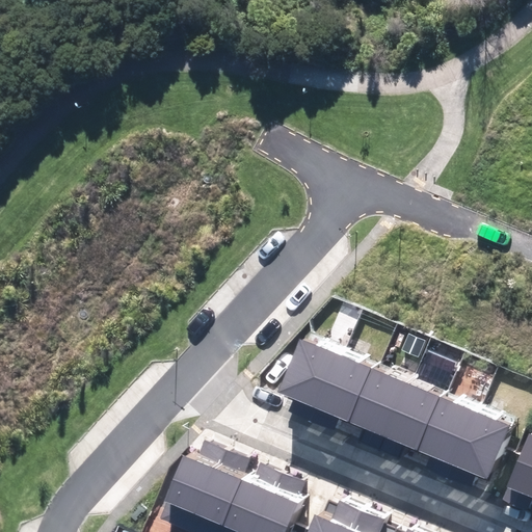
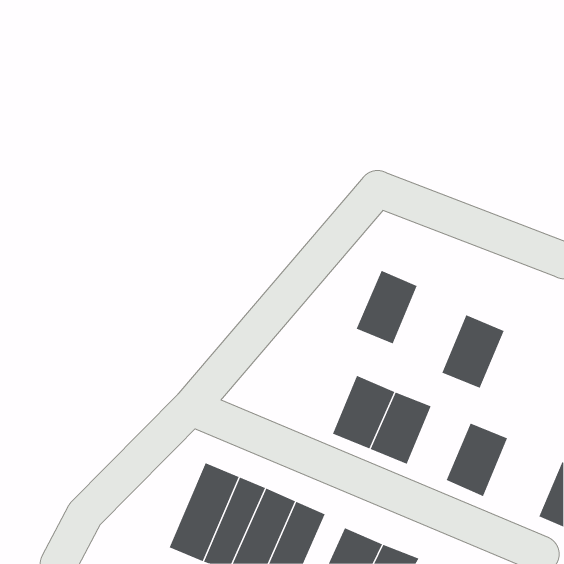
building: [277,339,336,408] -> [356,270,418,344]
building: [383,382,443,452] -> [442,314,504,388]
building: [455,413,510,480] -> none

